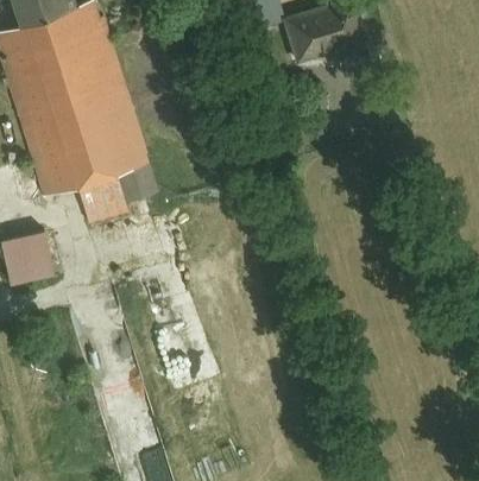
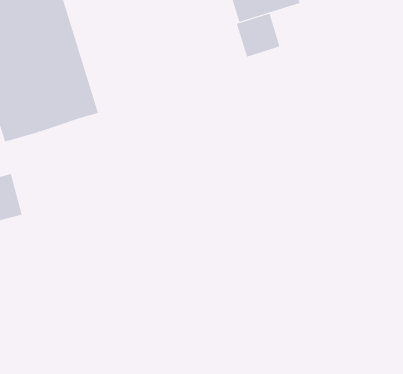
building: none -> [236,13,280,58]
building: [80,171,134,222] -> none

